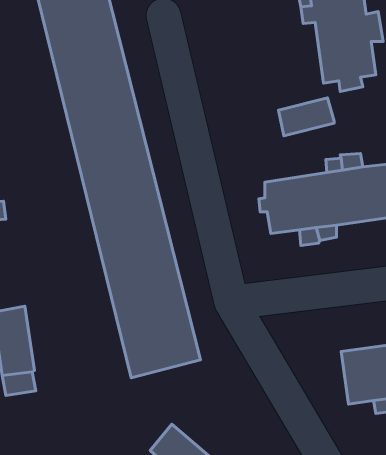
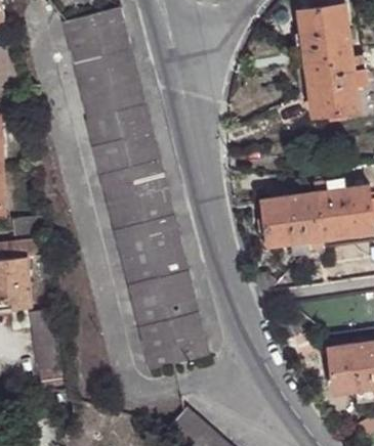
building: [278,98,334,136] -> none

